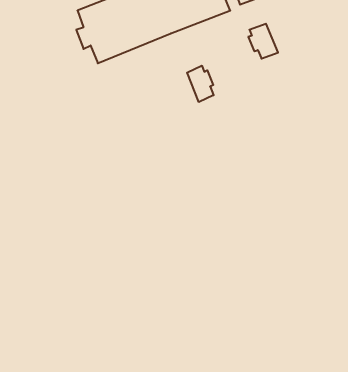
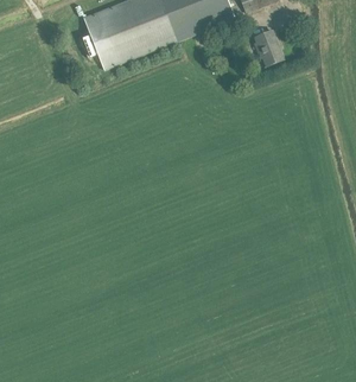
building: [187,66,214,102] -> none

